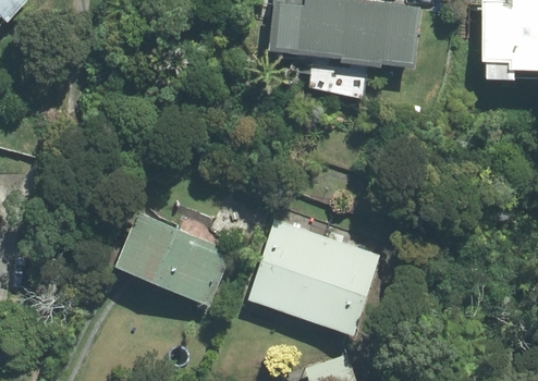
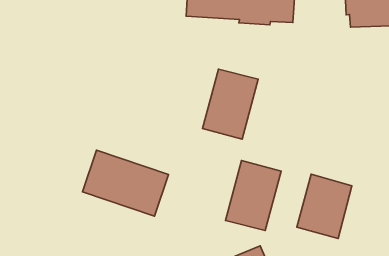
building: [250,223,328,317] -> [203,69,258,139]
building: none -> [297,174,352,238]

